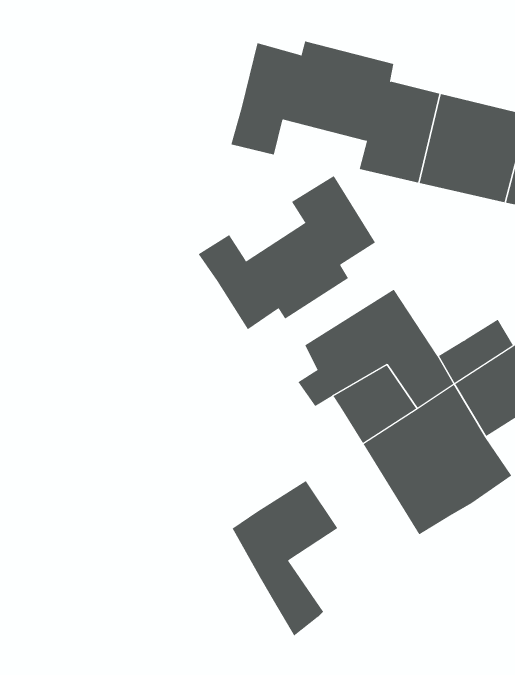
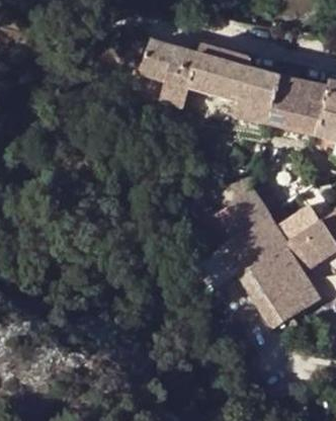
building: none -> [141,38,173,82]
building: [198,175,376,330] -> none
building: [232,480,338,637] -> none

